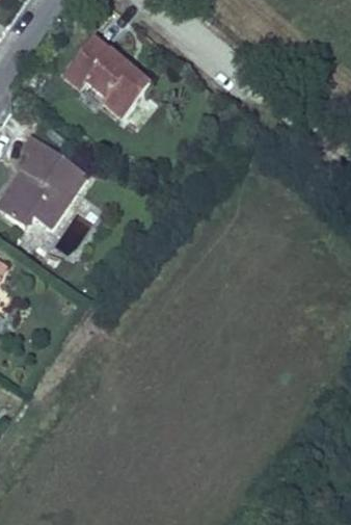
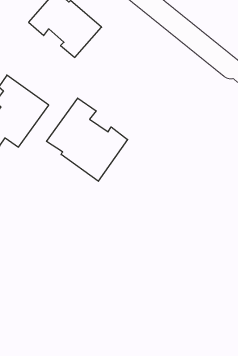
building: none -> [47,98,128,181]

